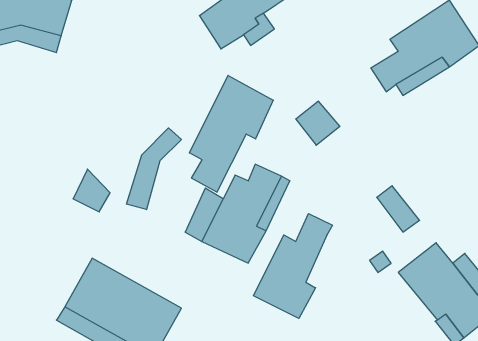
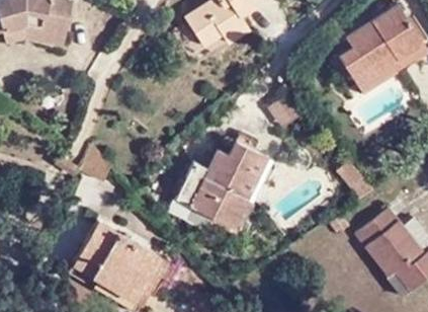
building: [189,75,273,192] -> none
building: [126,128,181,210] -> none
building: [253,214,332,318] -> none

